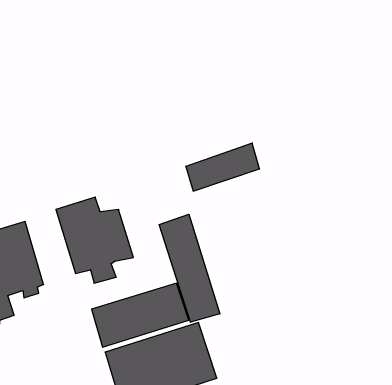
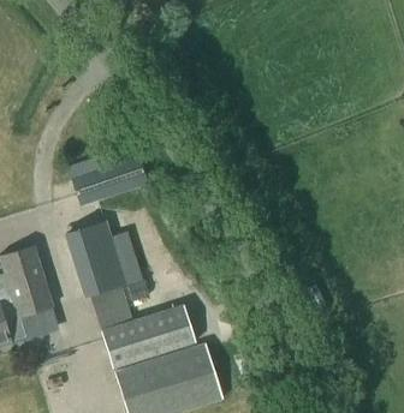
building: [186,143,260,191] -> [73,157,145,204]
building: [159,214,220,322] -> none

